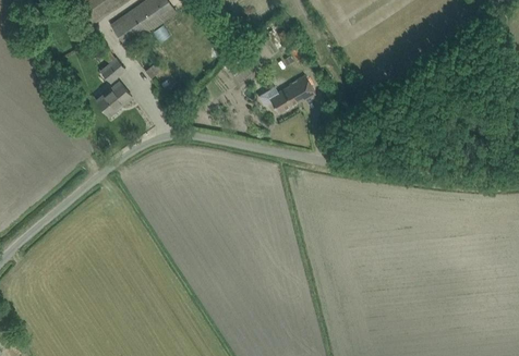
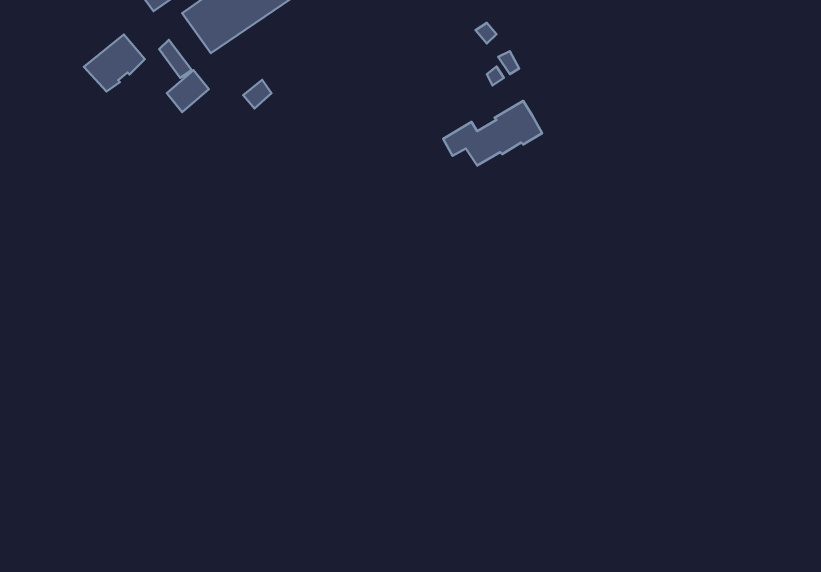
building: [96,83,131,115] -> [84,34,145,92]

